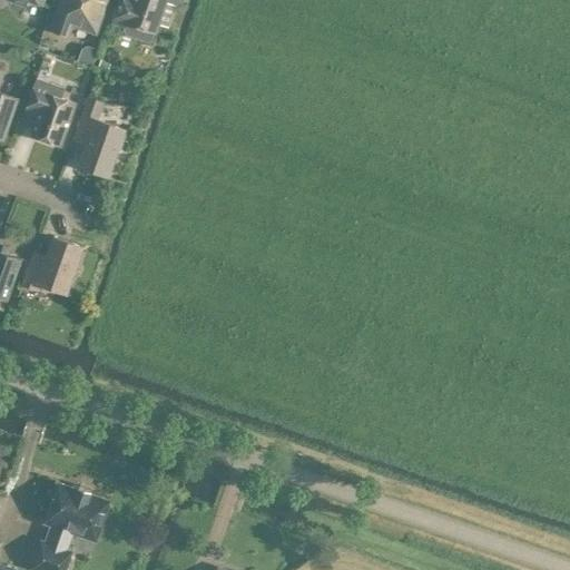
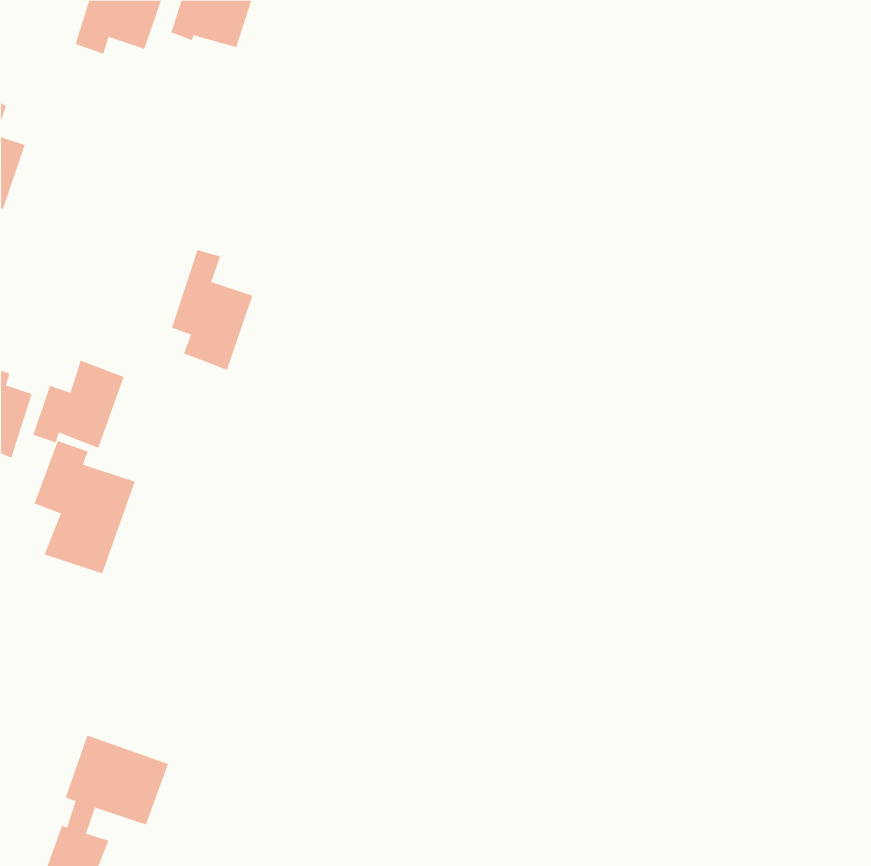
building: [26,80,76,147] -> none
building: [71,99,125,178] -> [171,249,253,370]
building: none -> [34,440,136,574]

